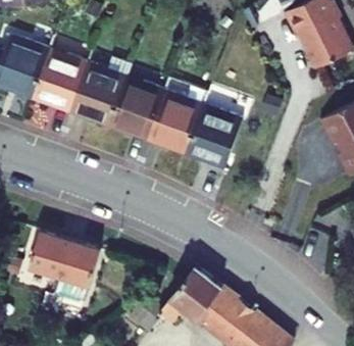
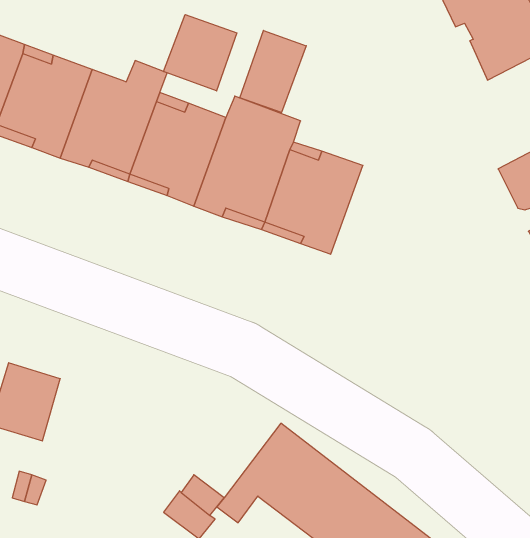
building: none -> [163,15,237,91]
building: none -> [240,30,306,112]
building: [55,240,101,301] -> none

